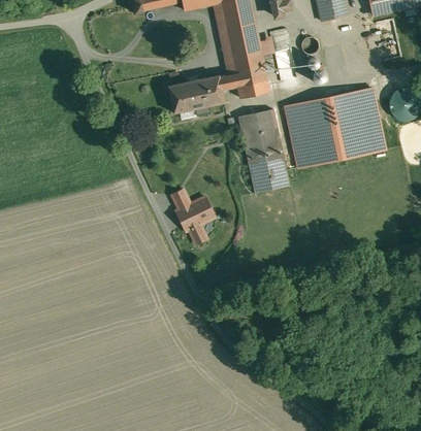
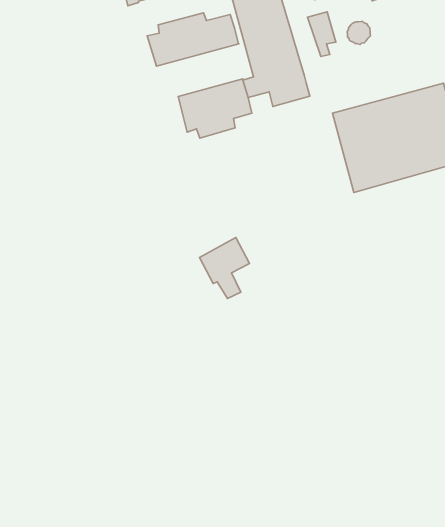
building: none -> [147,13,239,66]
building: [237,108,289,192] -> none

